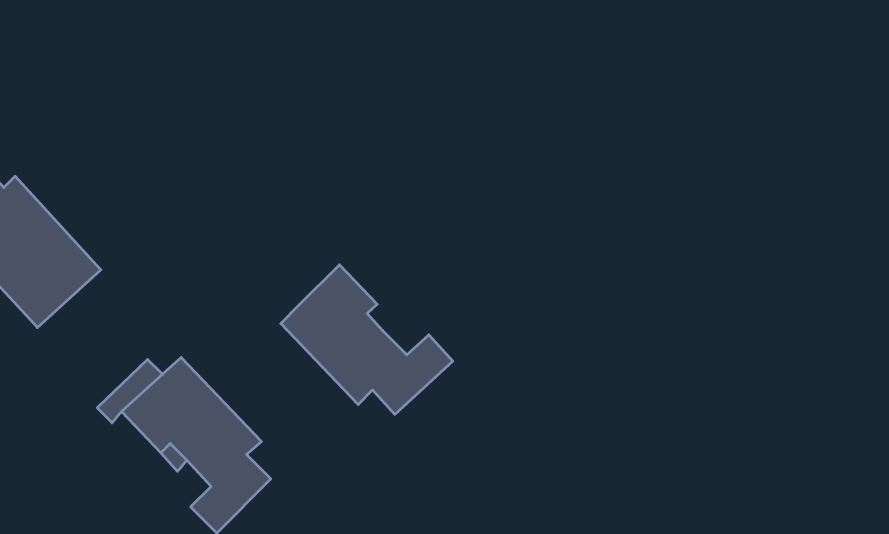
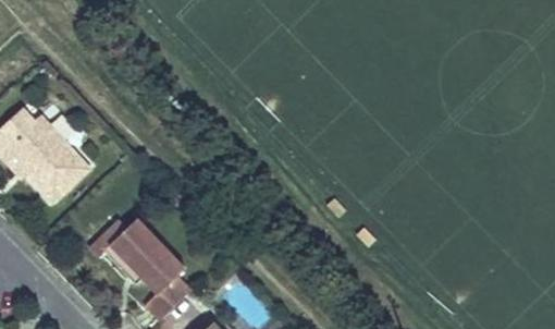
building: [281,265,453,414] -> none

